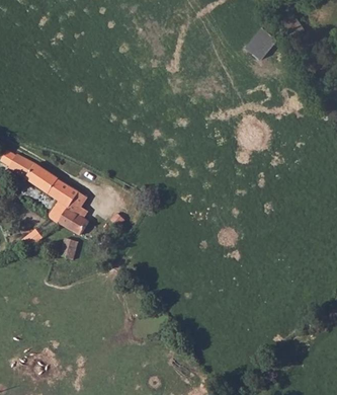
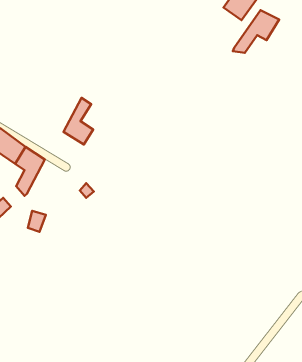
building: none -> [233,10,279,53]
building: [60,190,88,235] -> [63,98,93,145]

